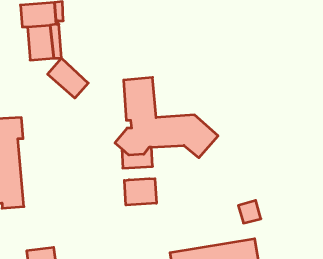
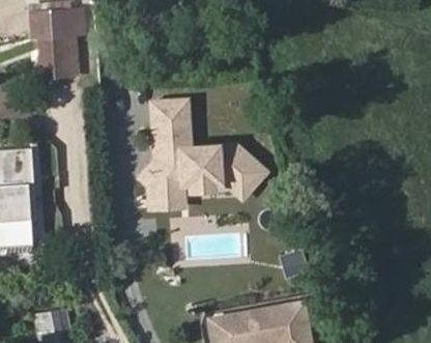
building: [48,58,88,98] -> none
building: [124,179,156,205] -> none

